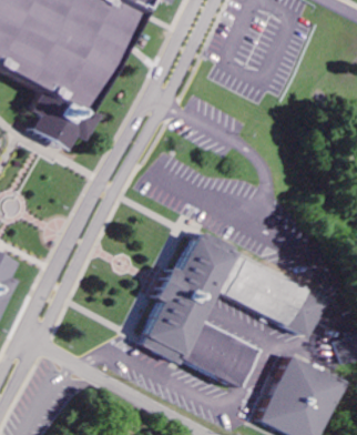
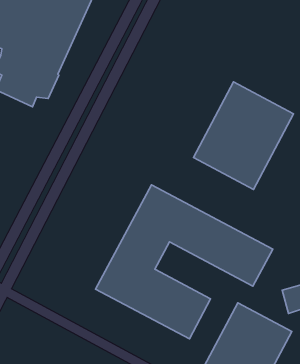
building: none -> [193,82,294,190]

